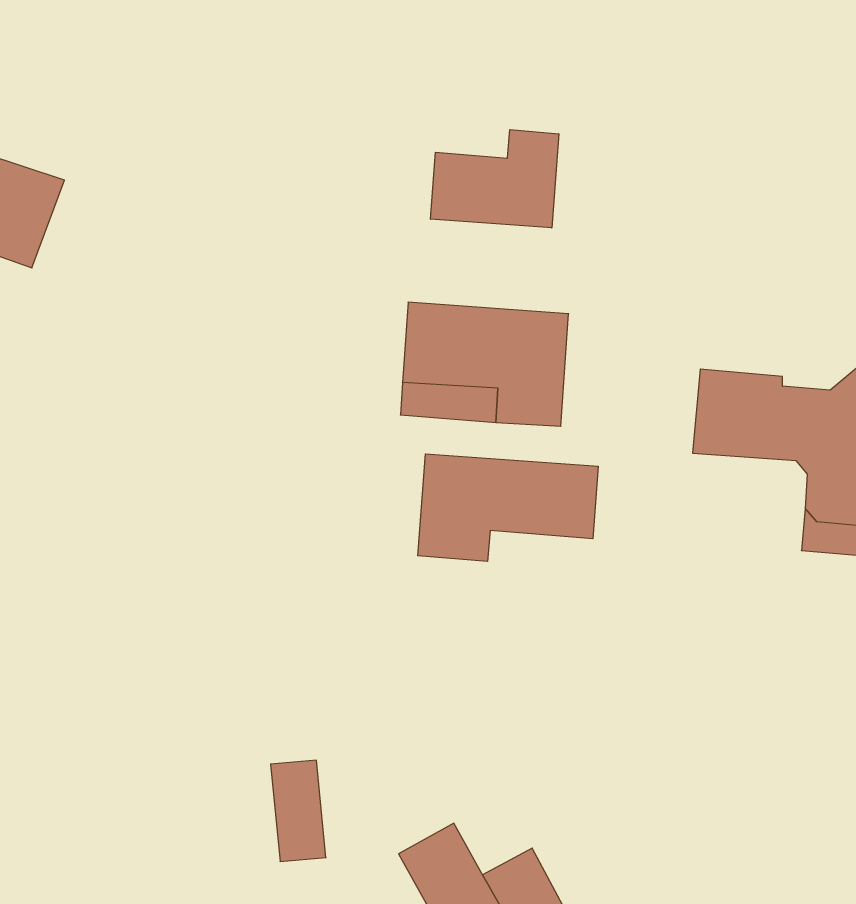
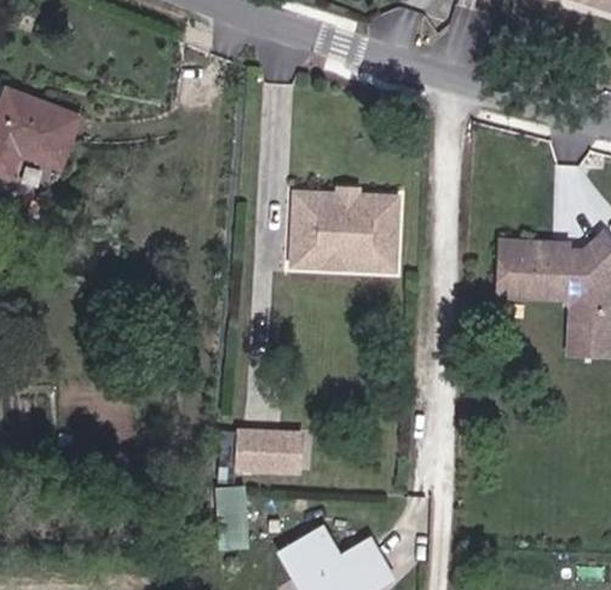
building: [431,130,559,228] -> none
building: [418,454,598,561] -> none
building: none -> [234,428,300,475]

